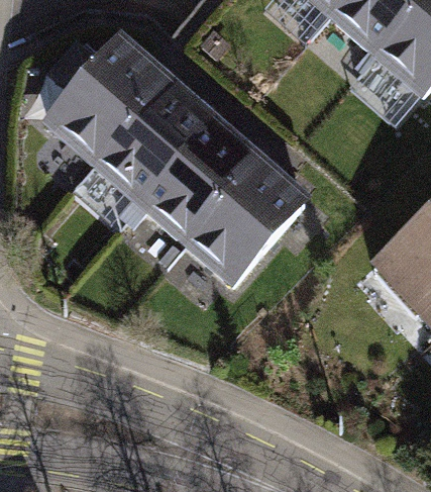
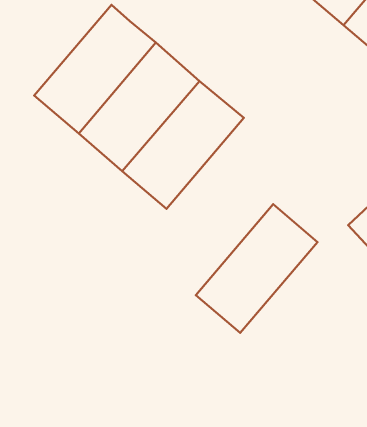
building: [184,158,311,292] -> [196,204,318,333]

